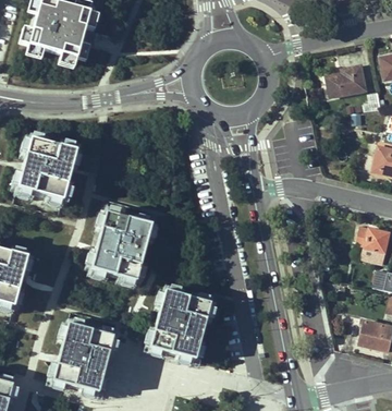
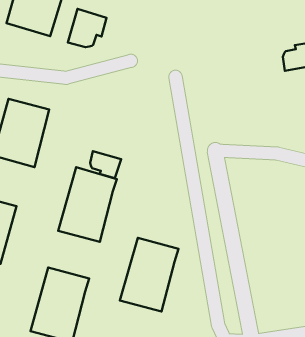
building: none -> [68,9,106,47]
building: none -> [90,151,121,178]

